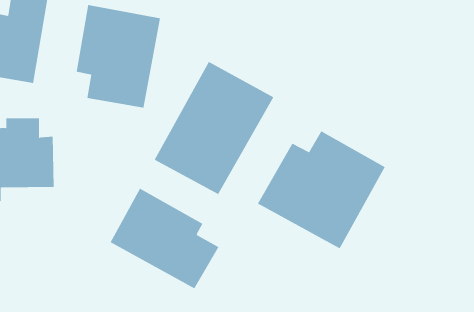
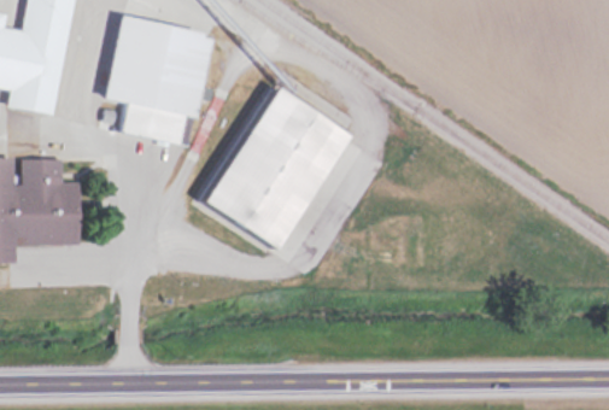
building: [257,130,385,249] -> none
building: [110,188,219,289] -> none

